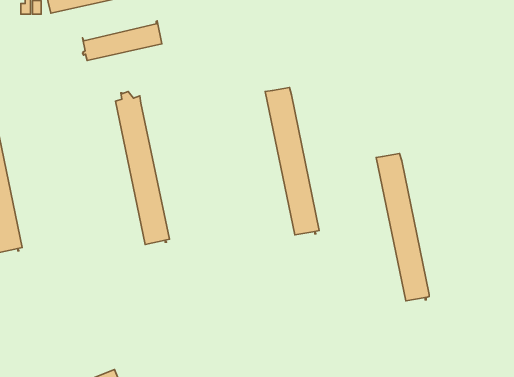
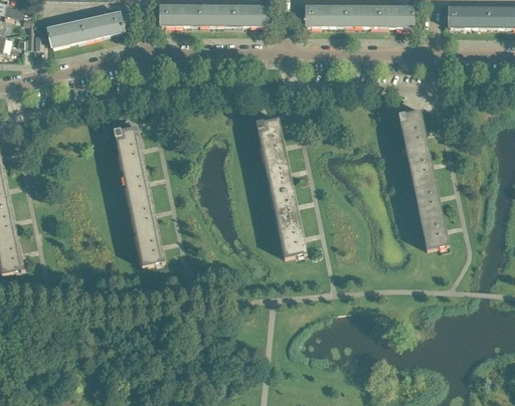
building: [82,21,162,61] -> none
building: [376,153,429,301] -> [396,109,447,248]

